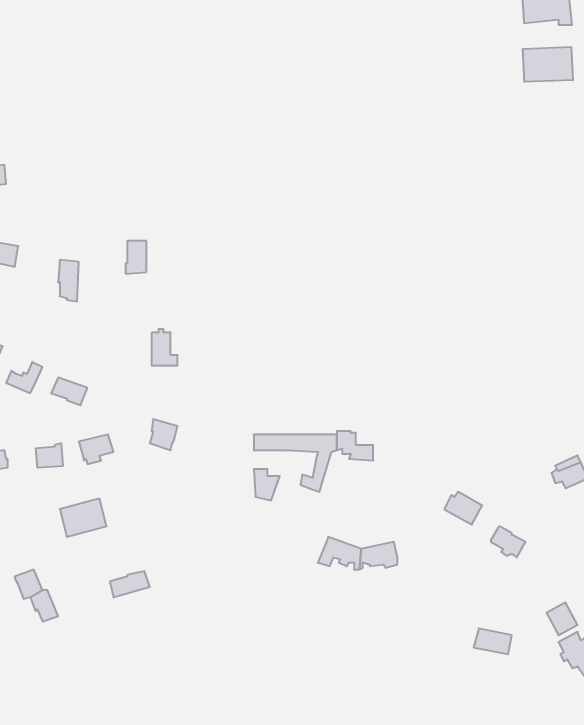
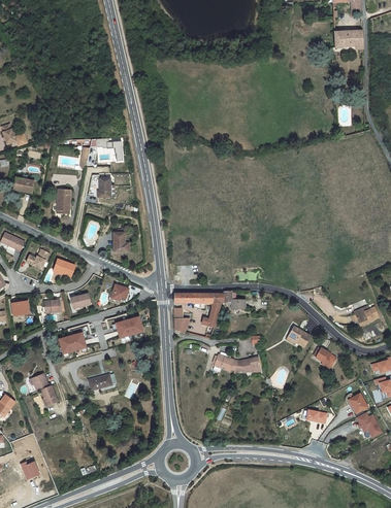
building: [523,47,573,82] -> none
building: none -> [116,315,145,337]

